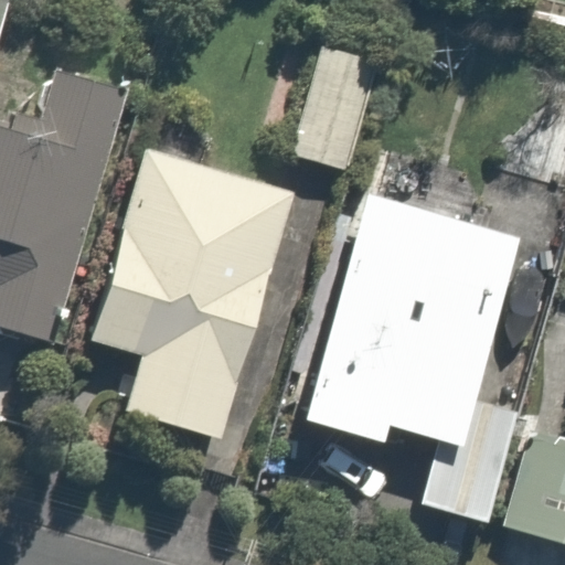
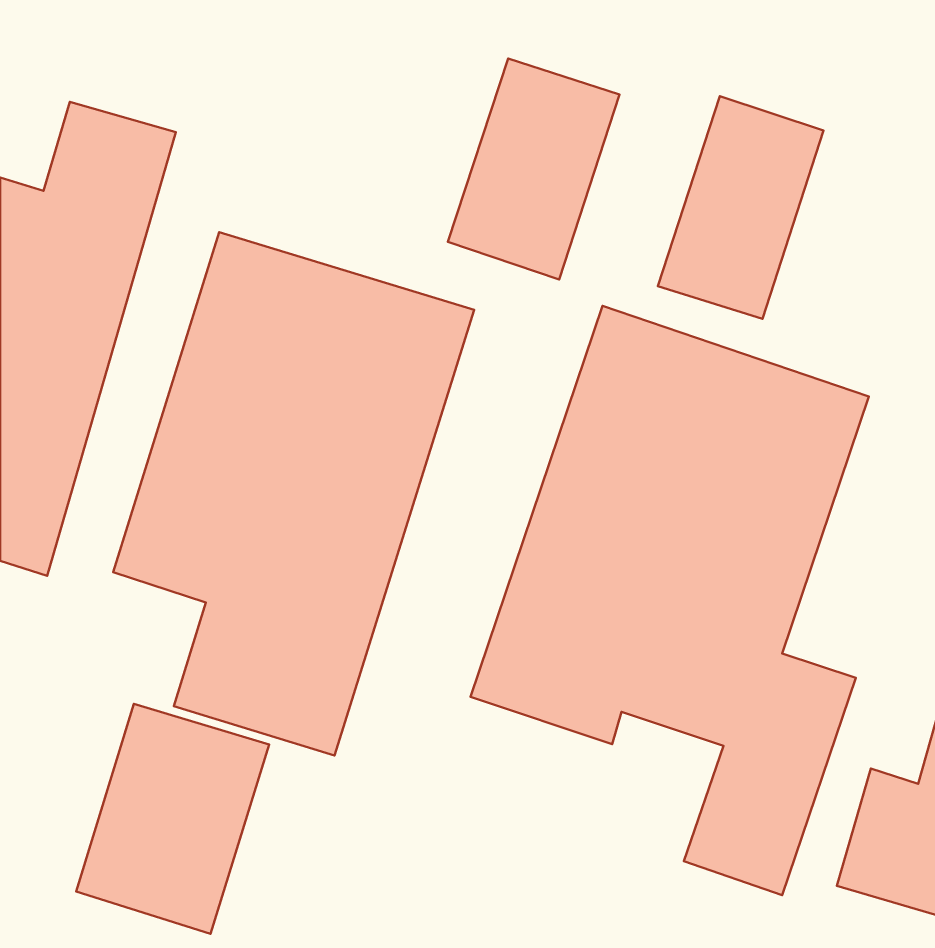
building: none -> [658,96,823,319]
building: none -> [76,704,269,934]

